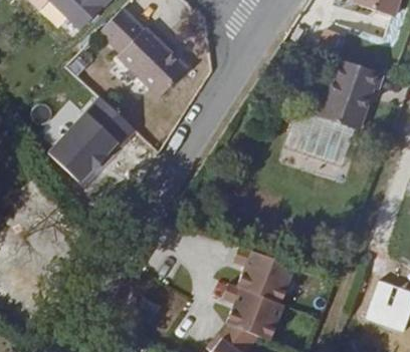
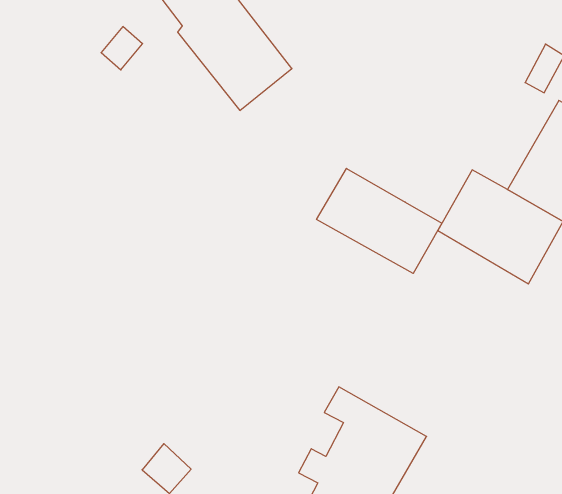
building: [45,96,132,180] -> none
building: none -> [317,168,442,273]

